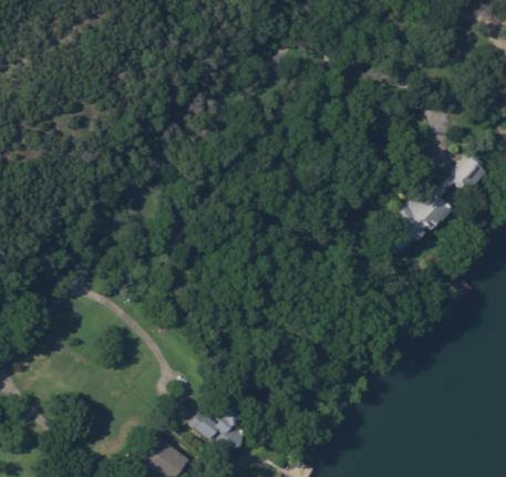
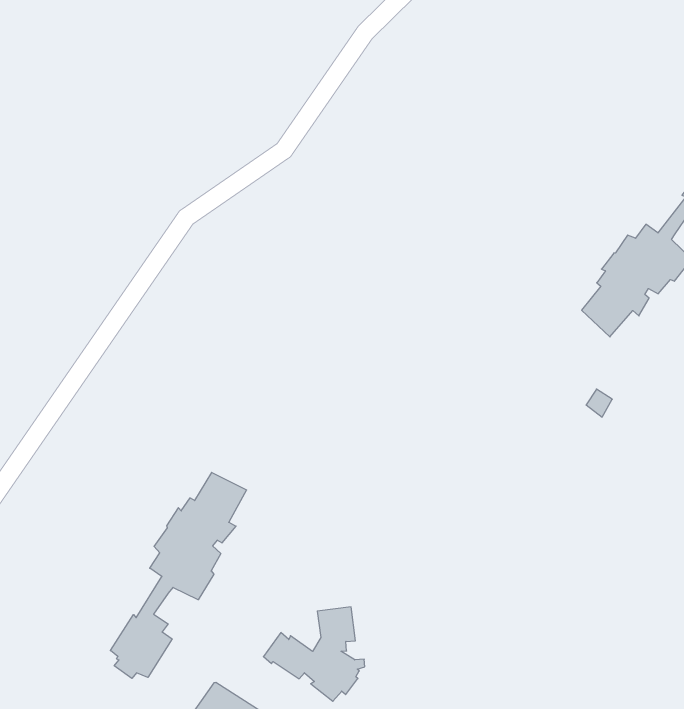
building: none -> [110,472,247,678]

